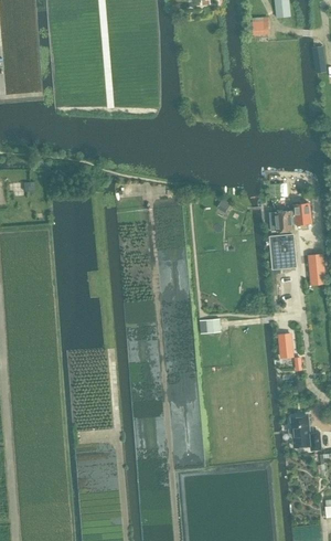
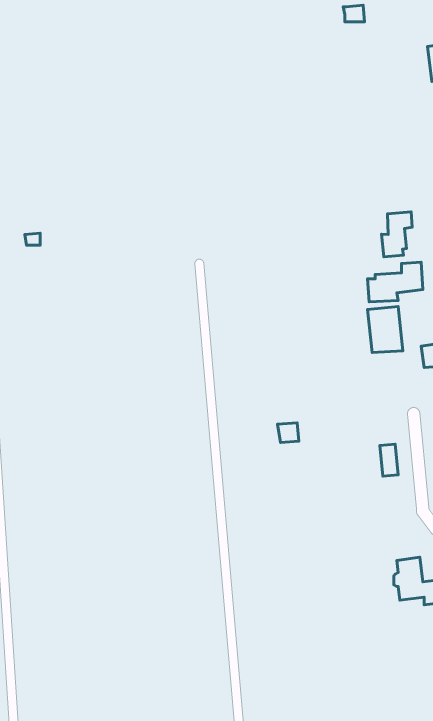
building: none -> [381,212,412,257]

